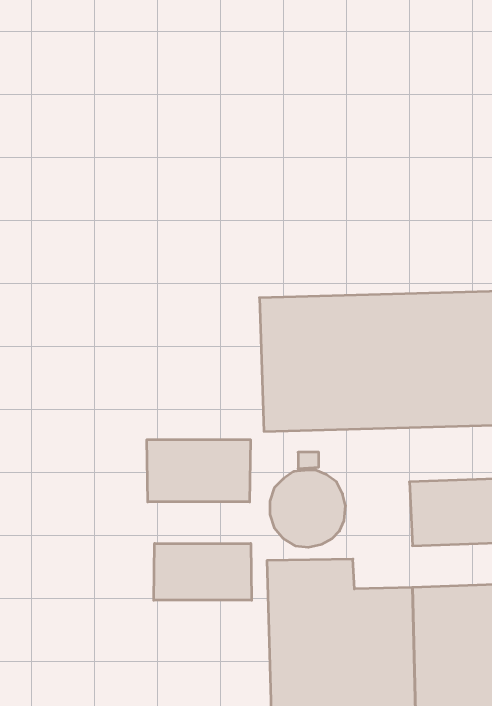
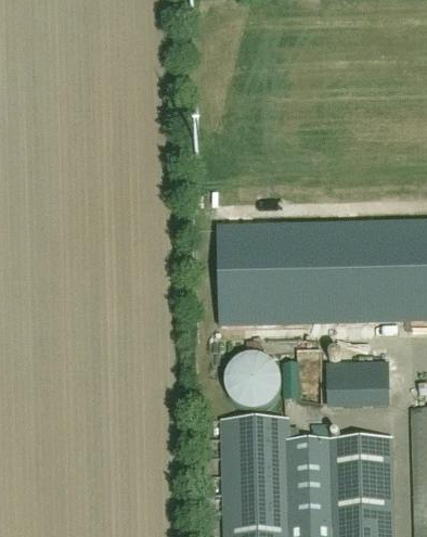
building: [147,440,250,502] -> none
building: [154,543,252,600] -> none

